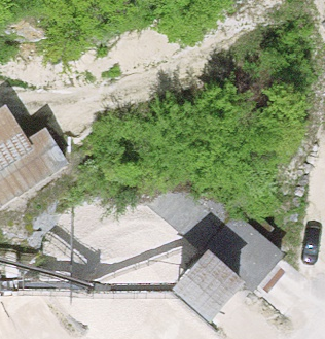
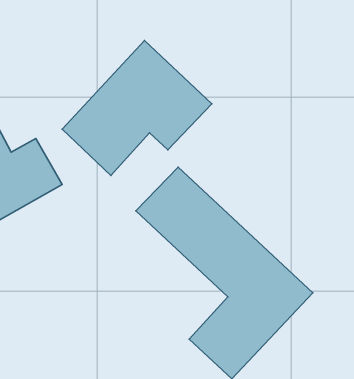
building: none -> [62,40,212,175]

